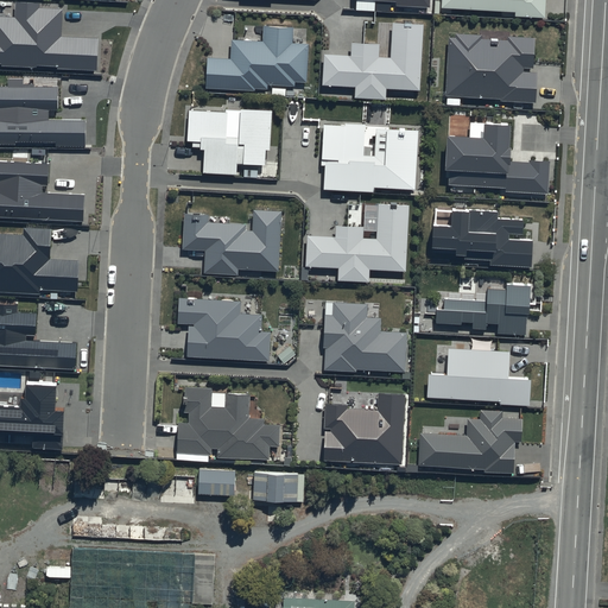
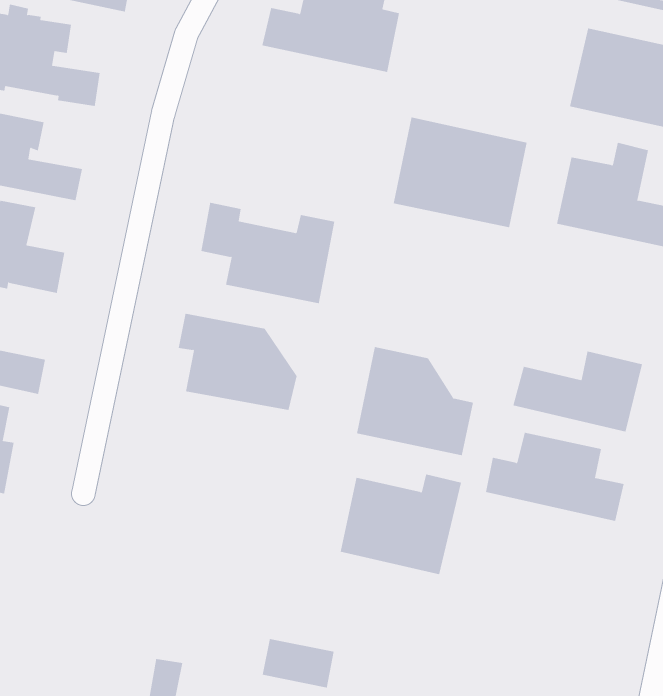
building: [323,26,420,99] -> none
building: [188,104,270,173] -> none
building: [305,201,408,280] -> none
building: [431,205,532,266] -> none
building: [175,385,279,458] -> none
building: [417,408,521,471] -> none
building: [198,473,234,499] -> none
building: [253,475,305,506] -> [262,638,335,688]

